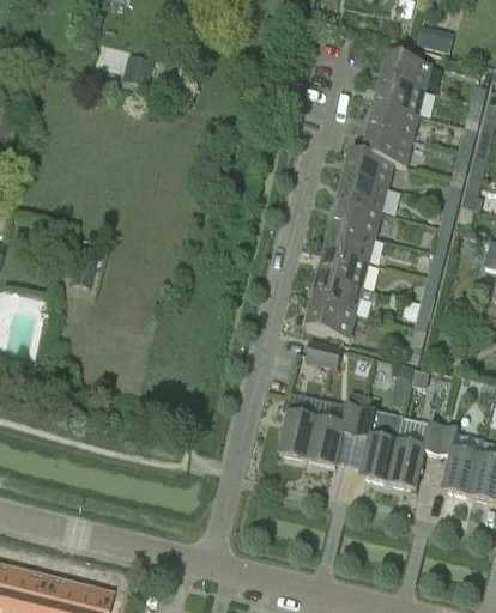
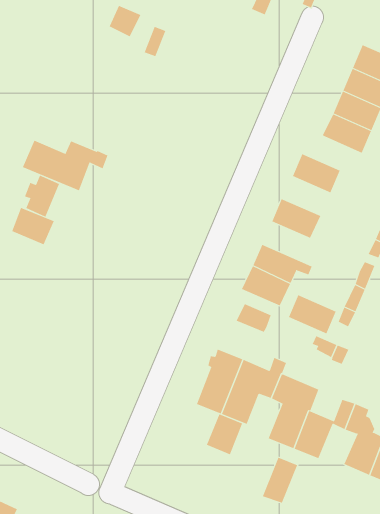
building: [344,151,406,187] -> none
building: [331,201,381,237] -> none
building: none -> [22,140,108,191]
building: [319,251,368,287] -> [288,294,337,334]
building: none -> [11,203,54,245]
building: none -> [206,413,243,455]
building: none -> [258,457,298,508]

